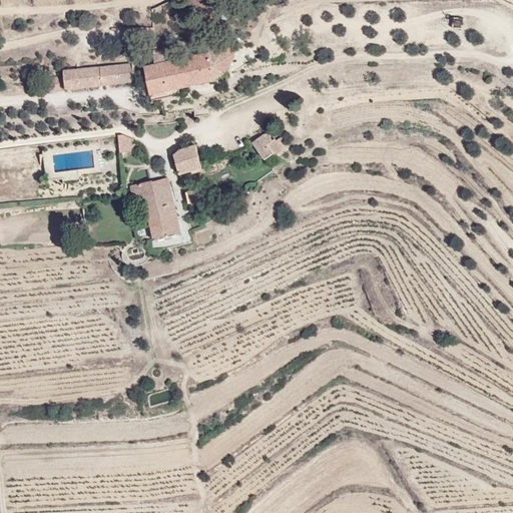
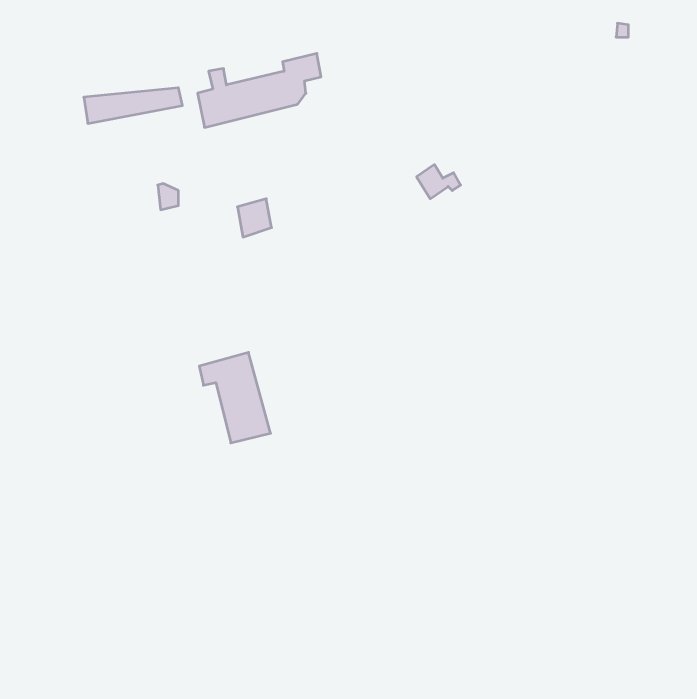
building: [252,134,285,159] -> [417,165,461,199]
building: [130,173,182,239] -> [199,352,271,443]

